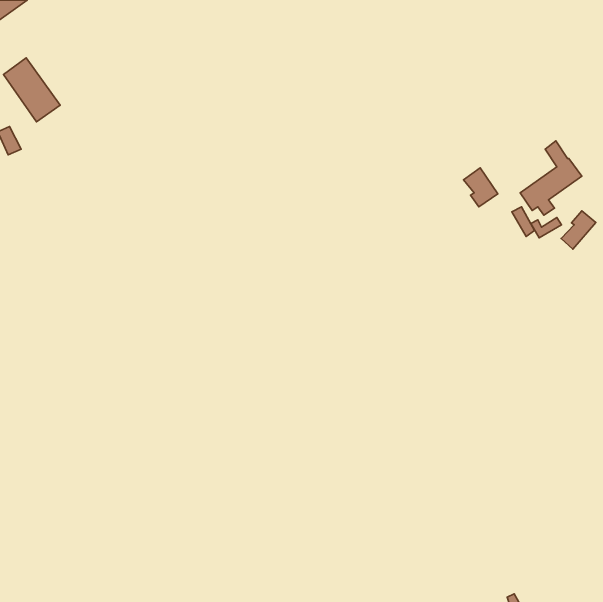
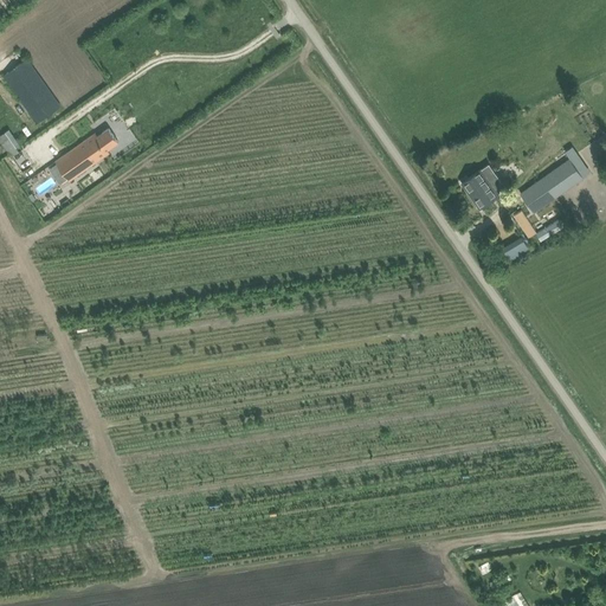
building: none -> [54,130,117,181]
building: [561,211,596,249] -> none

